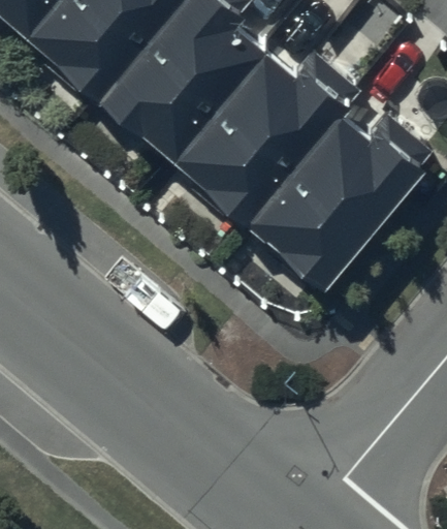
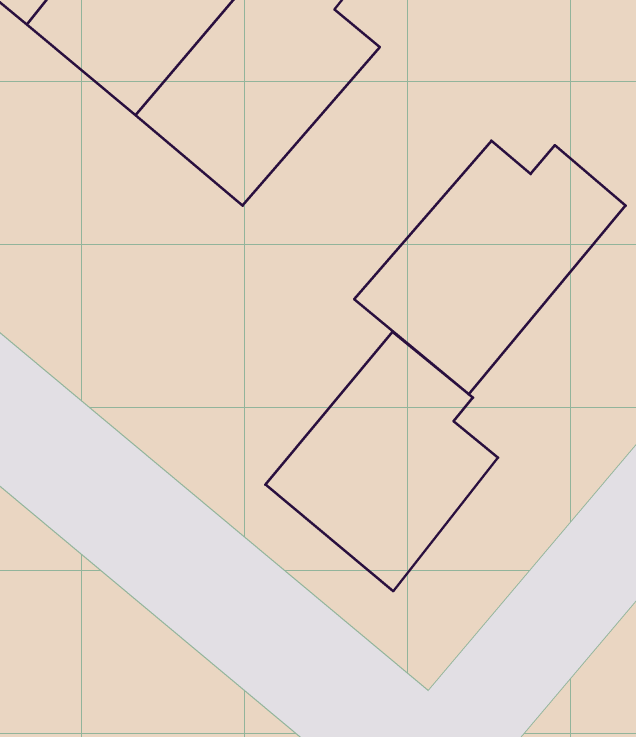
building: [167,48,355,220] -> none
building: none -> [265,332,498,591]

